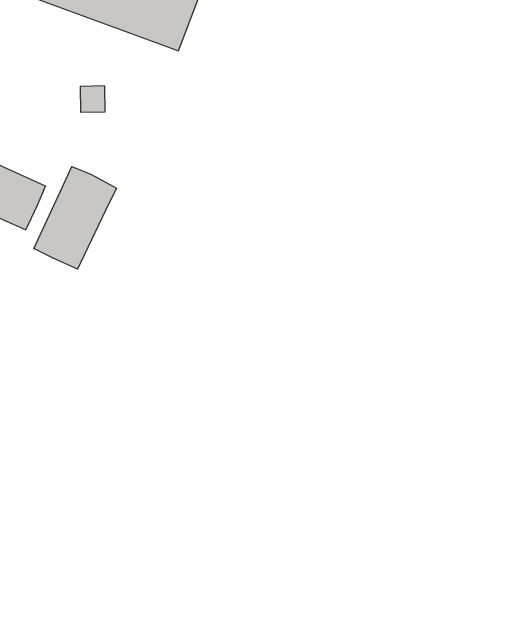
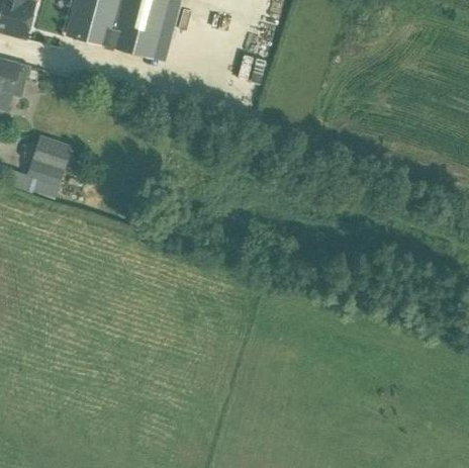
building: [34,167,116,269] -> none

